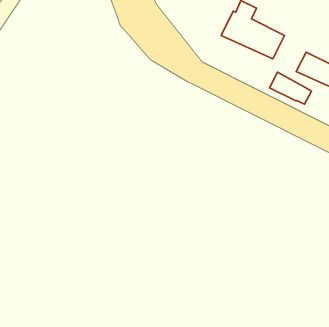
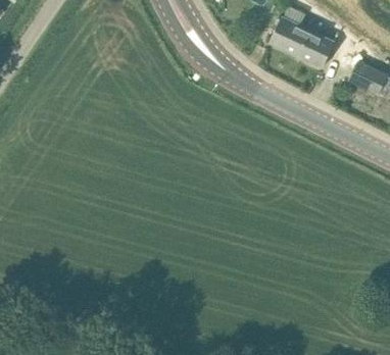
building: [270,72,312,104] -> none

